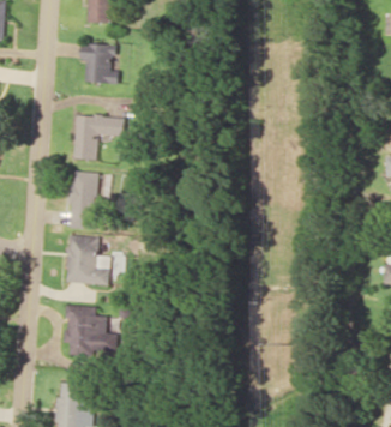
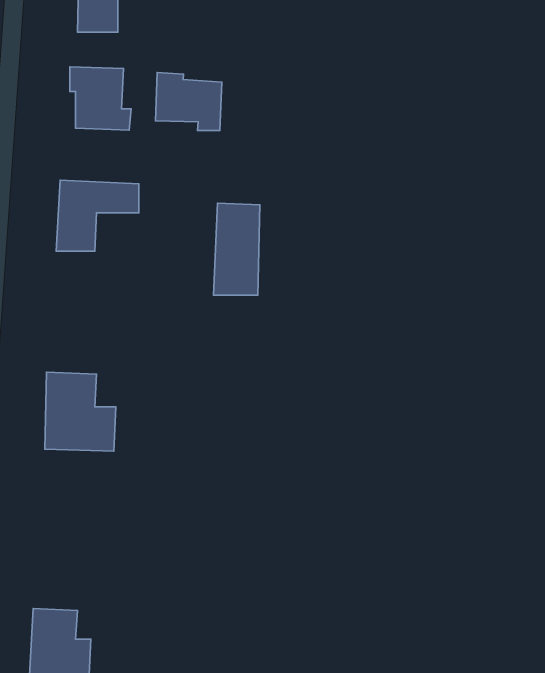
building: none -> [155,73,222,131]
building: [70,172,98,229] -> [214,203,260,295]
building: [64,306,113,356] -> none

